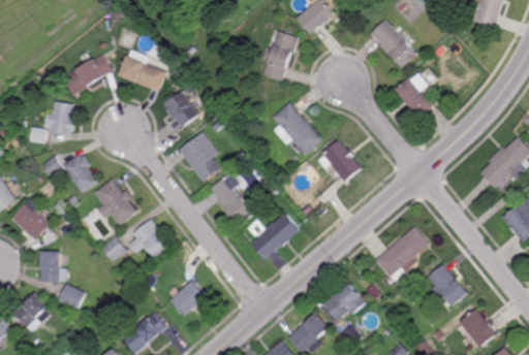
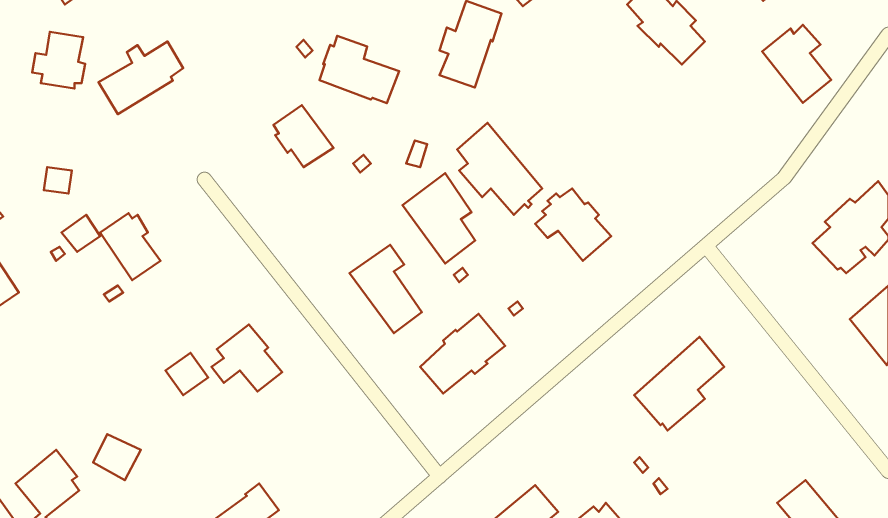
building: [119,50,165,89] -> [320,36,399,103]
building: [395,72,435,118] -> [762,25,831,103]
building: [44,101,75,134] -> [32,32,85,88]
building: [178,130,220,183] -> [403,173,475,263]
building: [94,179,136,225] -> none
building: [11,199,51,240] -> none
building: [41,251,66,282] -> none
building: [427,263,467,308] -> none
building: [170,280,208,317] -> none
building: [322,283,367,321] -> none

